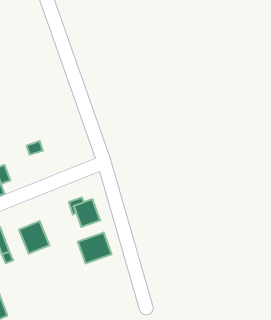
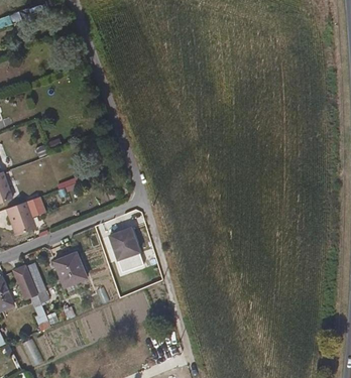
building: [78,232,111,264] -> none

